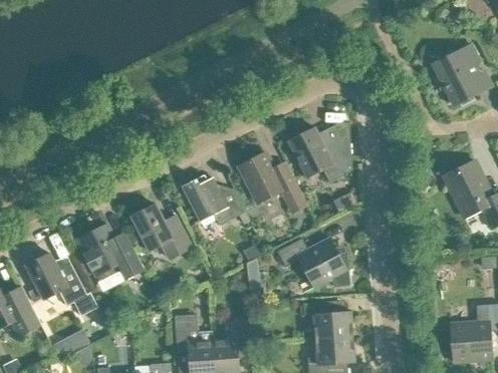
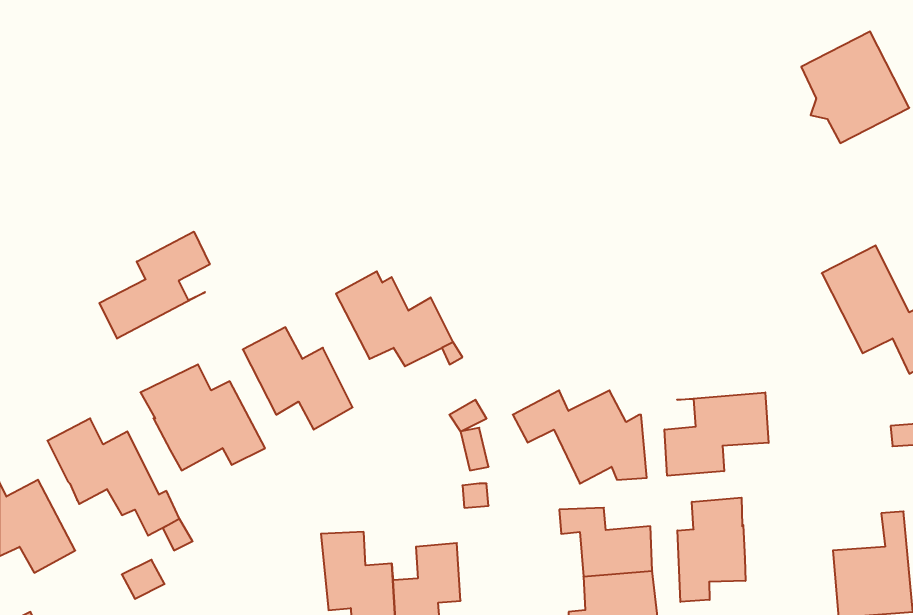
building: [288,122,352,181] -> none
building: [239,151,306,211] -> none
building: none -> [99,232,210,339]
building: none -> [665,392,769,476]
building: none -> [677,498,745,602]

